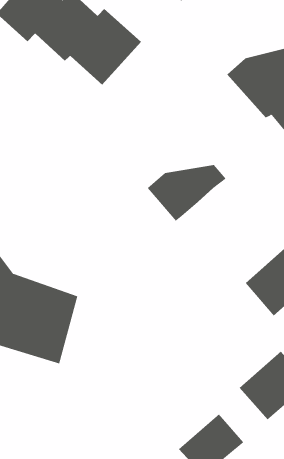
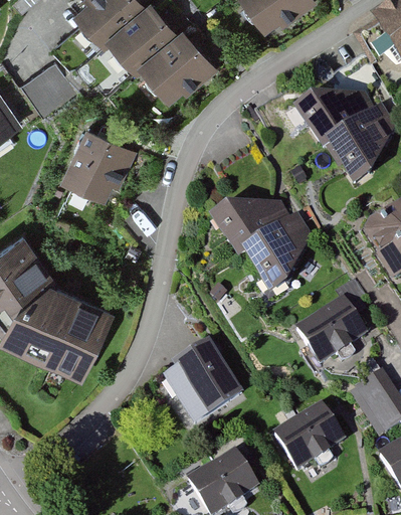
building: none -> [69,128,138,198]
building: none -> [233,212,304,293]
building: none -> [172,345,246,427]

